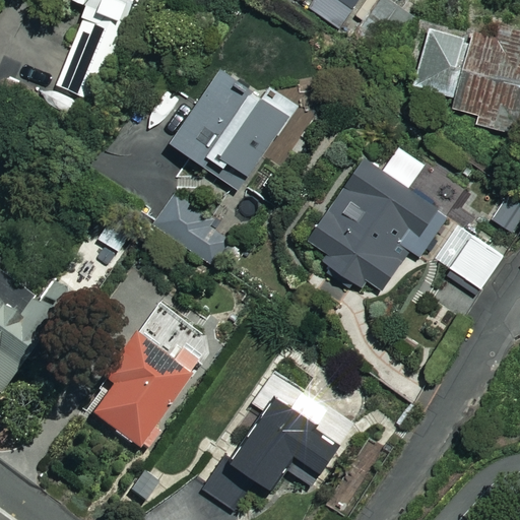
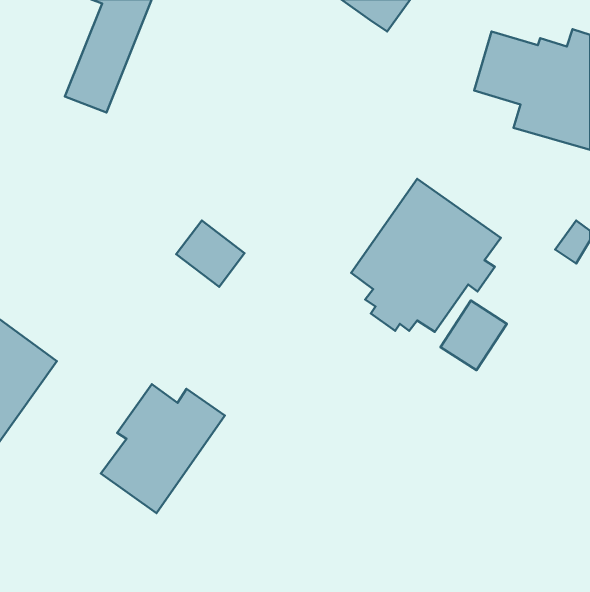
building: [172,69,299,189] -> none
building: [446,234,504,295] -> [441,301,507,370]
building: [205,393,342,510] -> none

